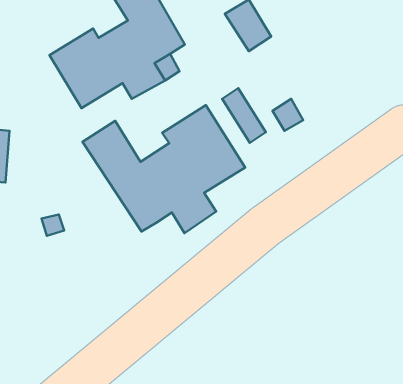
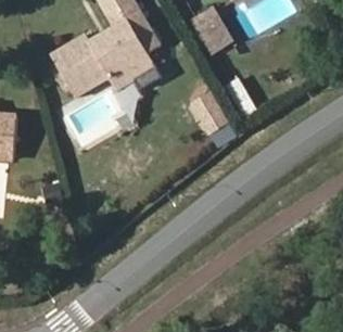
building: [82,105,245,233] -> none

